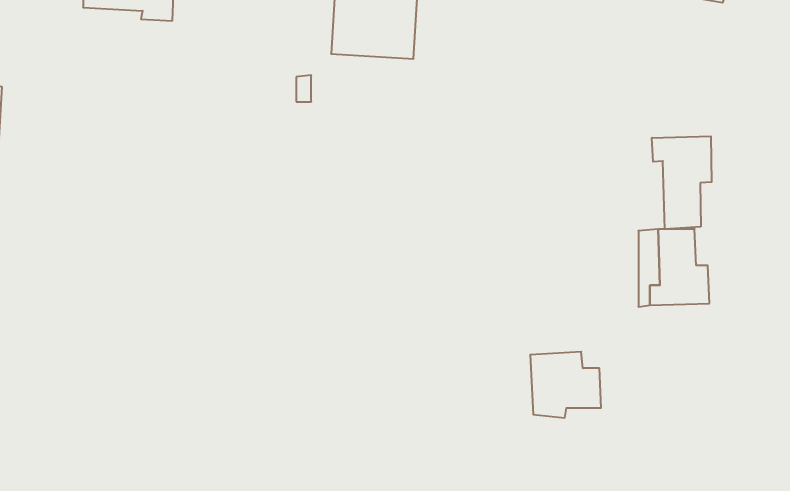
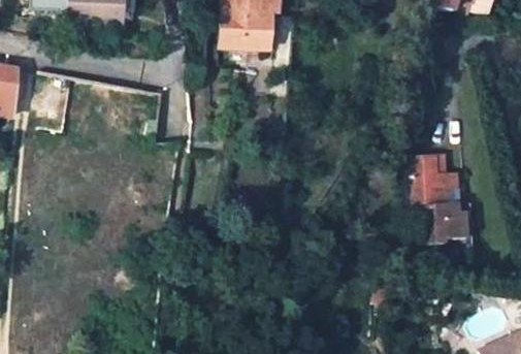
building: [652,136,712,229] -> none
building: [530,352,601,418] -> [425,201,469,243]

